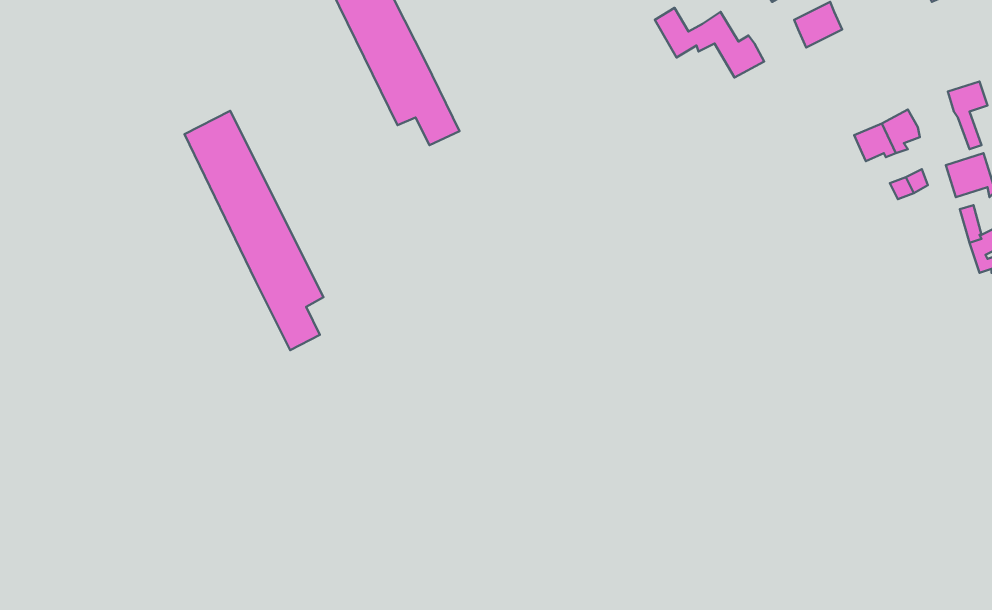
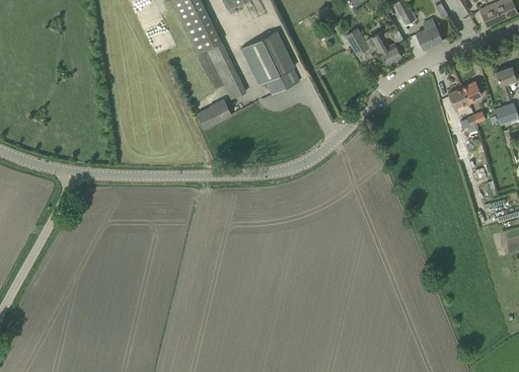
building: none -> [248,31,299,94]
building: [185,111,323,350] -> none
building: none -> [198,99,230,128]

